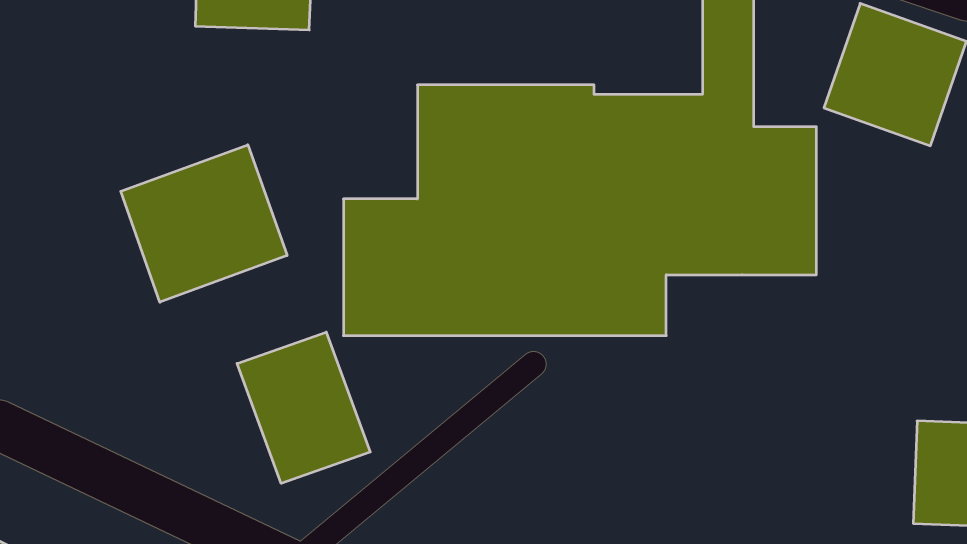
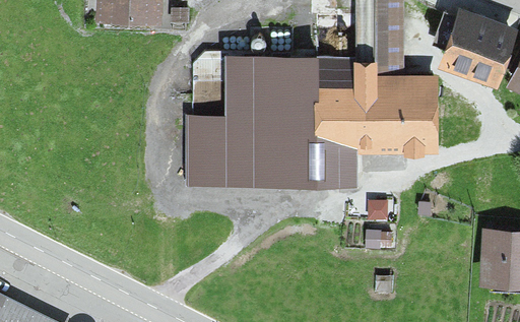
building: [121,145,287,302] -> none
building: [237,332,370,483] -> none

